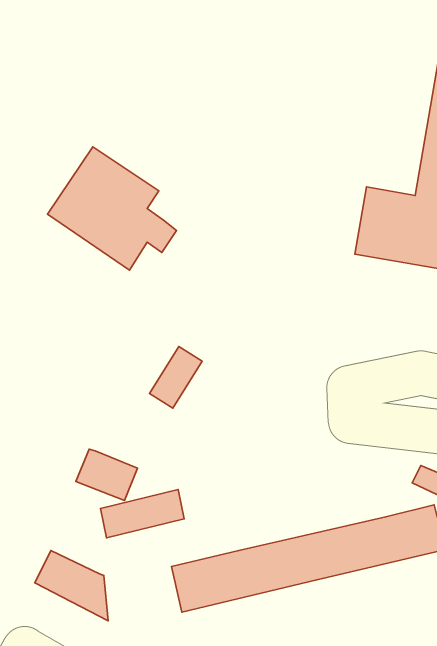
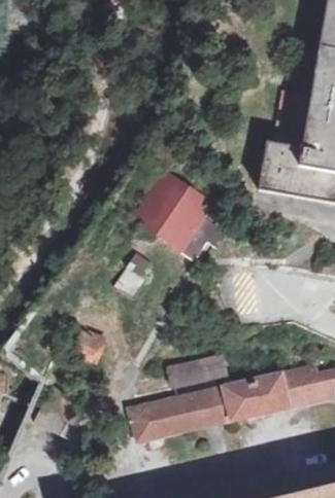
building: [47,147,177,270] -> [136,173,227,259]
building: [100,489,184,538] -> [168,354,227,388]

